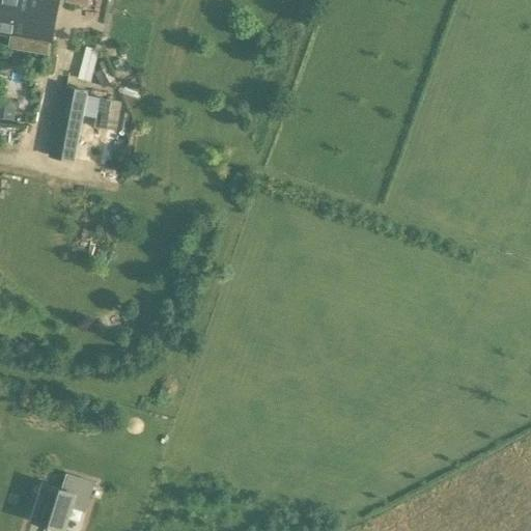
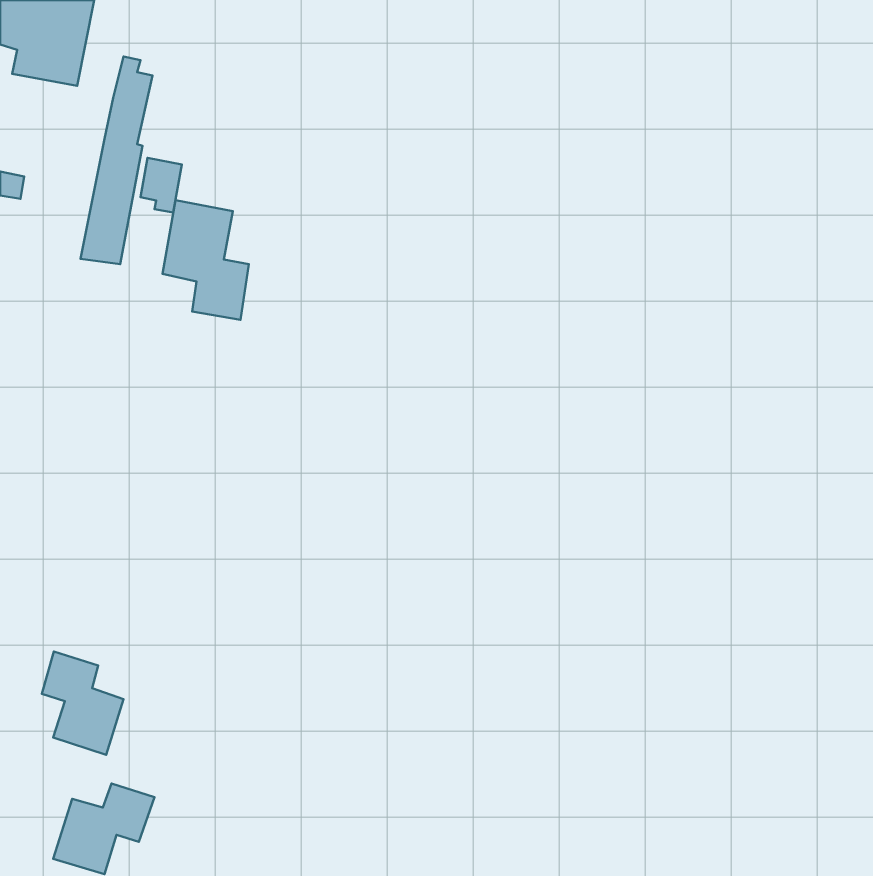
building: none -> [162,200,249,320]
building: none -> [42,652,124,755]

